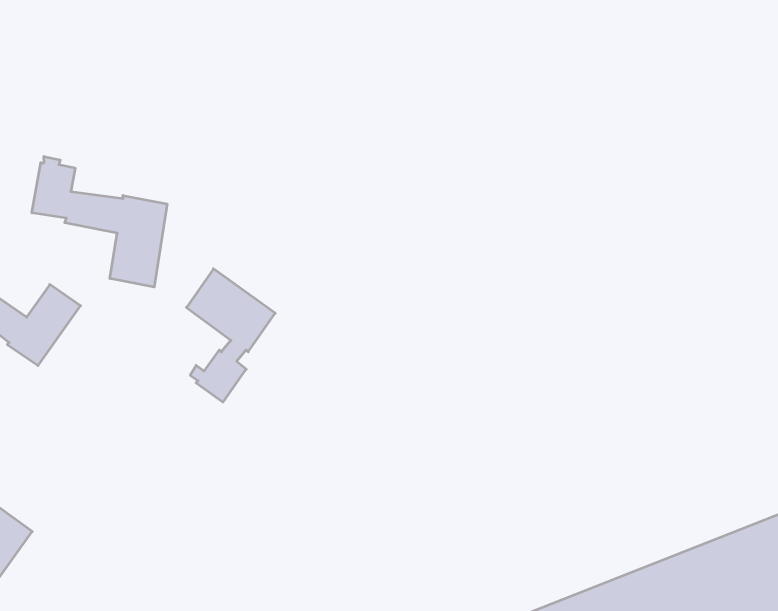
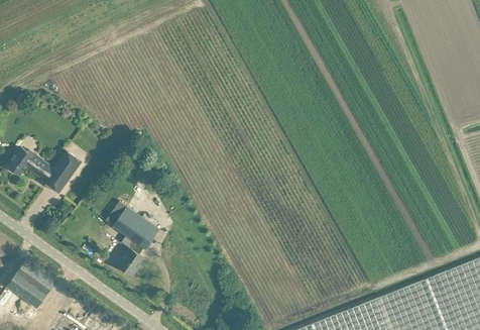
building: [32,156,167,287] -> none
building: [186,269,275,402] -> [113,206,159,276]

